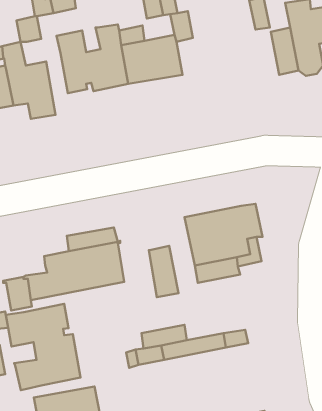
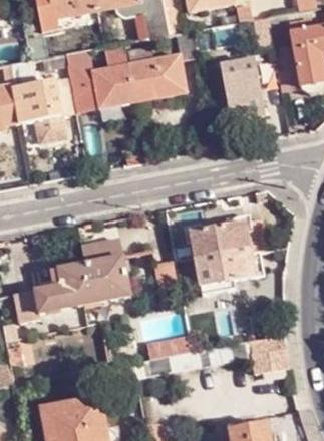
building: none -> [219,59,265,120]
building: [6,304,81,390] -> none

